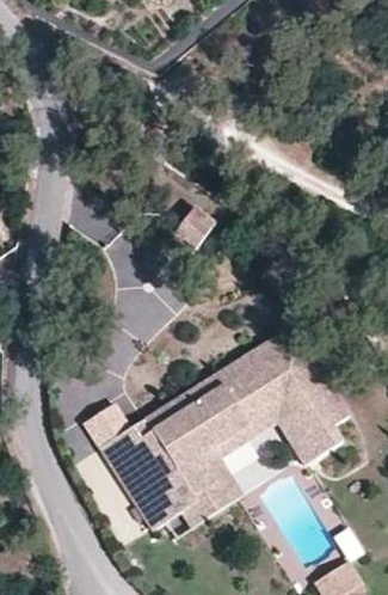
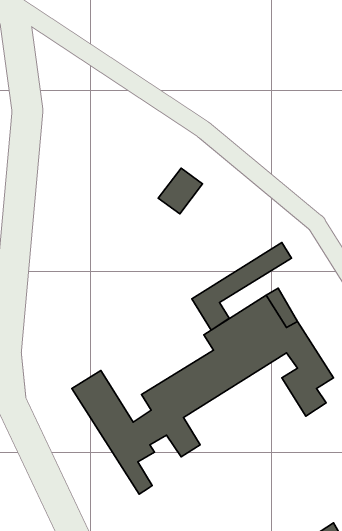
building: [128,372,227,459] -> [192,243,292,330]
building: [152,389,319,540] -> none

